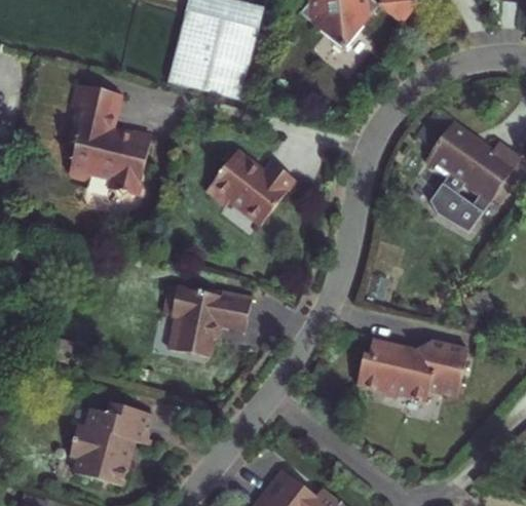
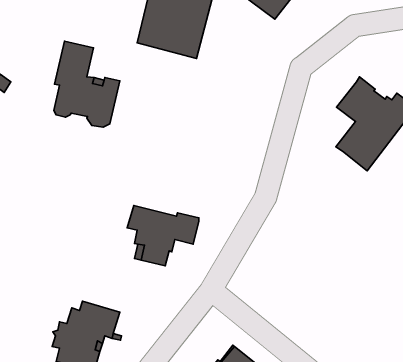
building: [206,151,297,223] -> none
building: [350,339,460,398] -> none

